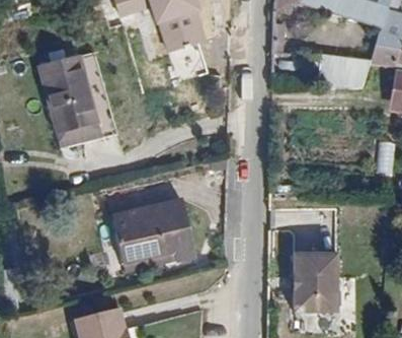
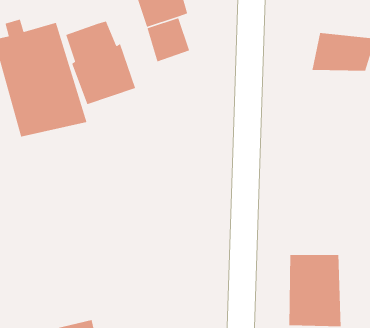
building: none -> [65,20,136,105]
building: [106,197,194,272] -> none

